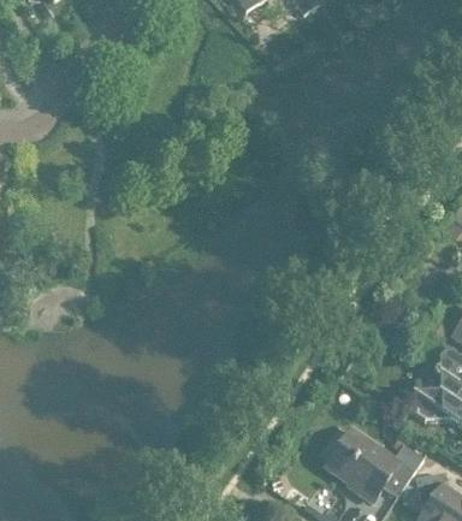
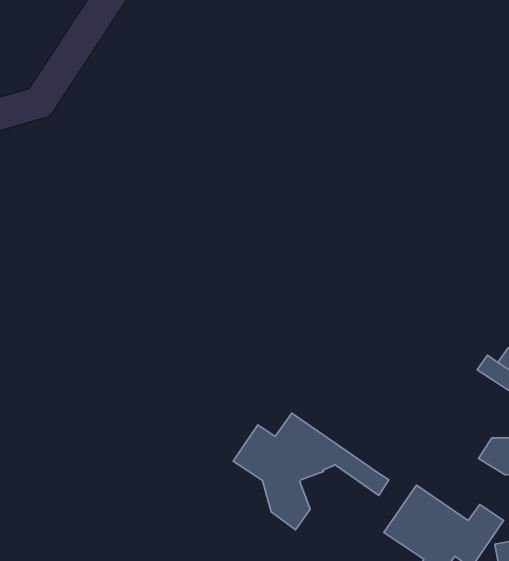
building: none -> [233,413,389,530]

